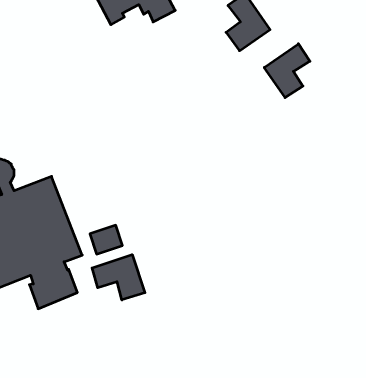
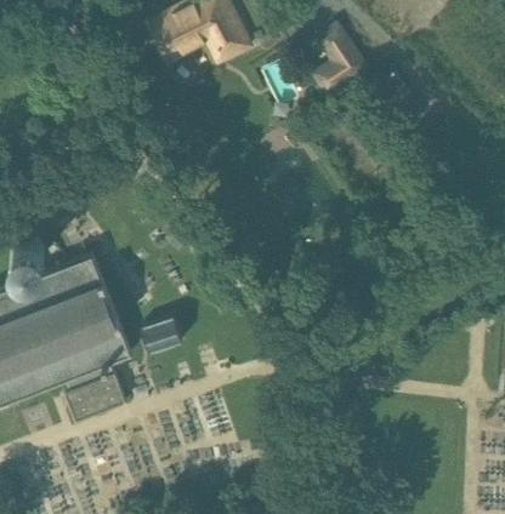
building: [264,44,310,98] -> none
building: [92,255,145,300] -> none

